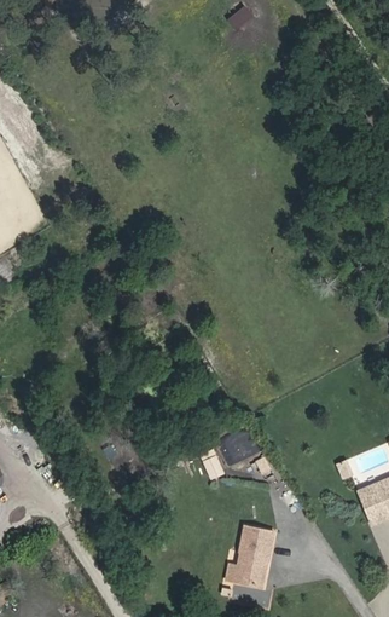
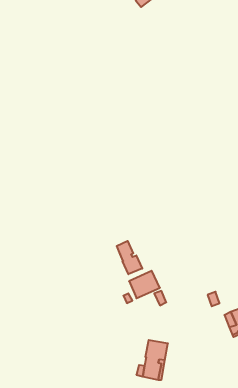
building: none -> [117,241,142,274]

